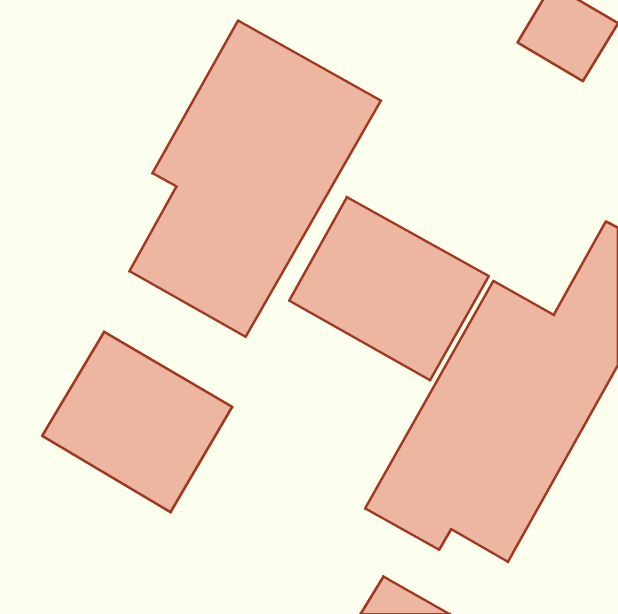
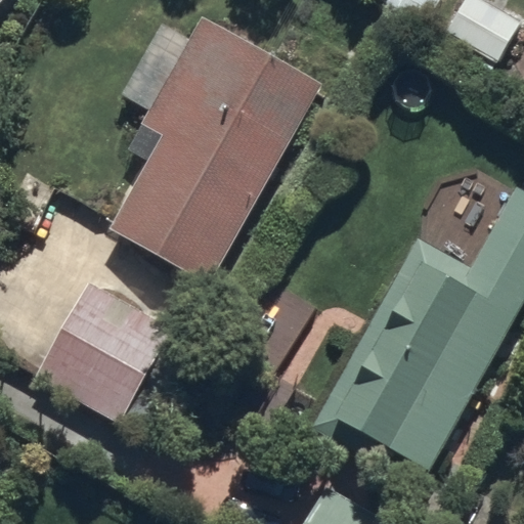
building: [289,197,489,380] -> none

